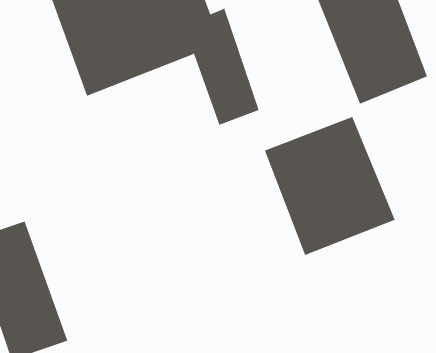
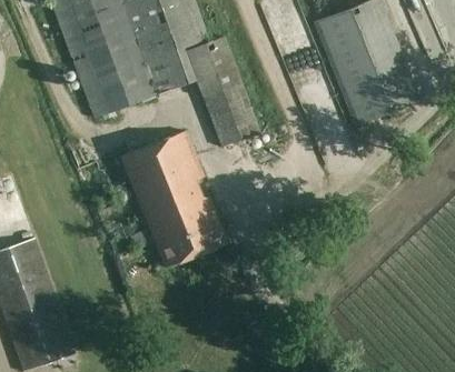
building: none -> [120,131,226,267]
building: [264,116,395,256] -> none

